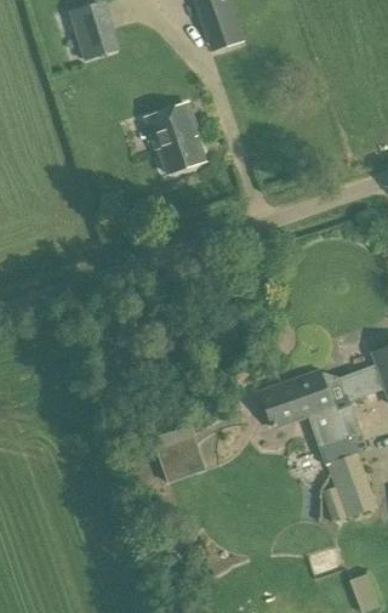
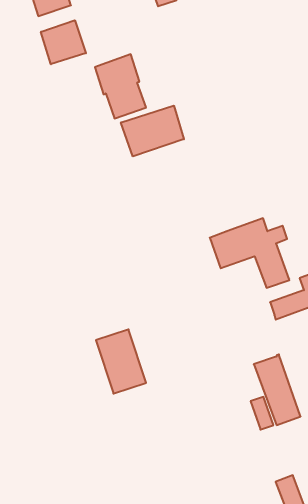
building: none -> [41,20,86,64]
building: none -> [121,106,184,156]
building: [261,370,349,448] -> [210,218,289,288]

